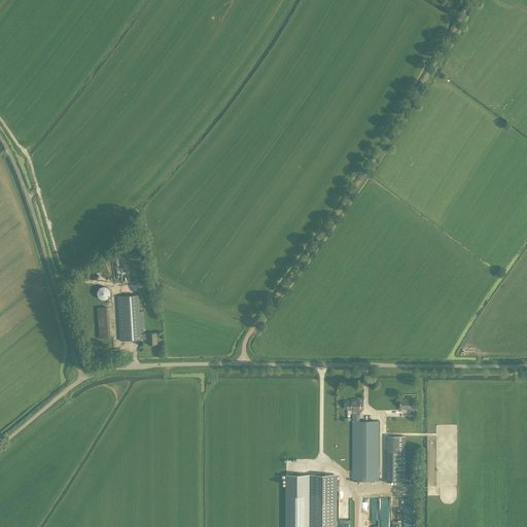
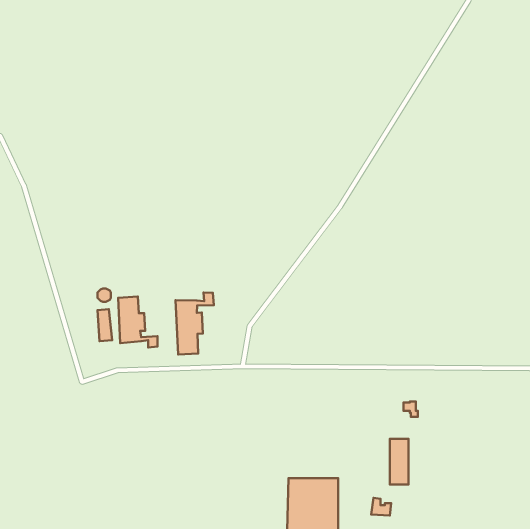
building: none -> [176,293,214,354]
building: [344,400,379,482] -> none

